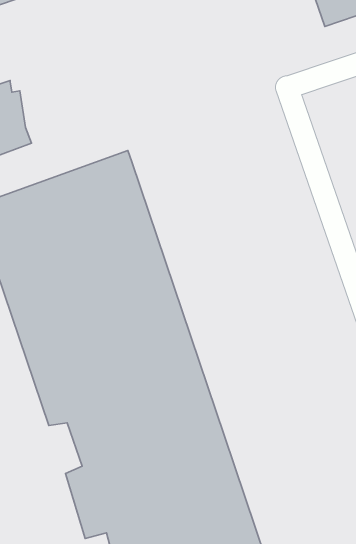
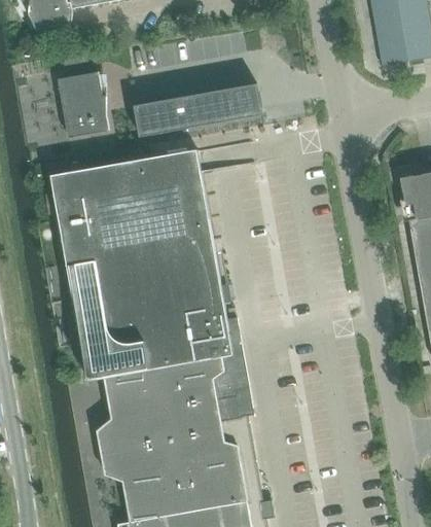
building: none -> [134,83,262,137]

